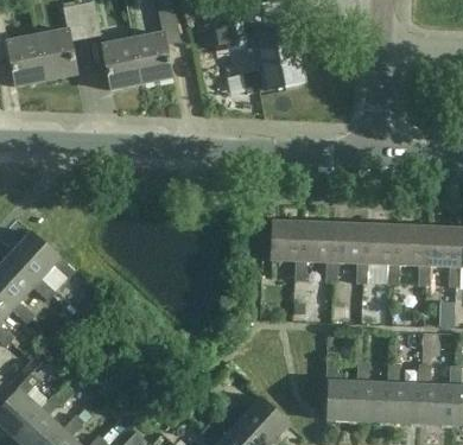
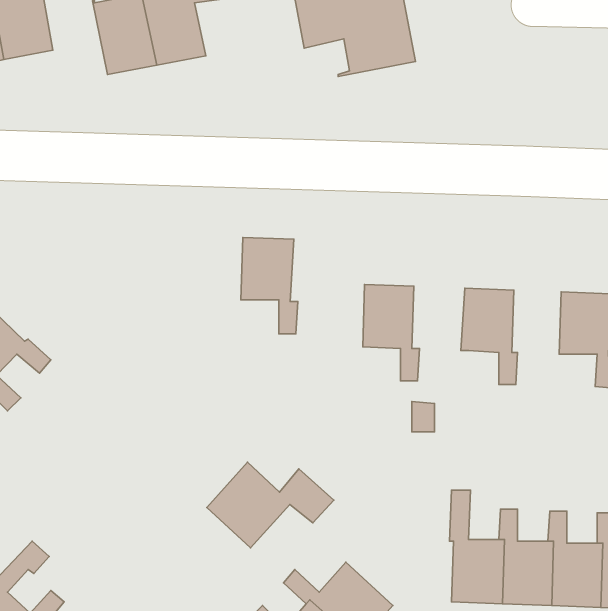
building: [302,221,337,281] -> [241,237,298,334]
building: [364,223,399,284] -> none
building: none -> [207,462,334,548]

